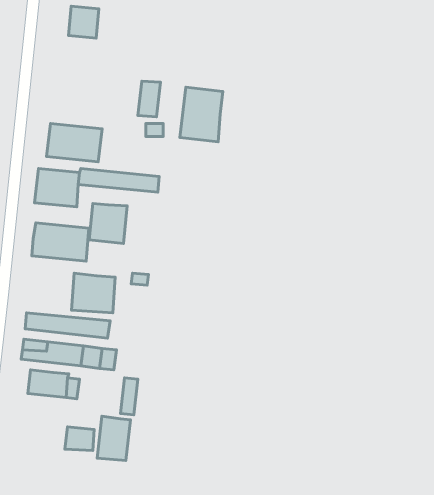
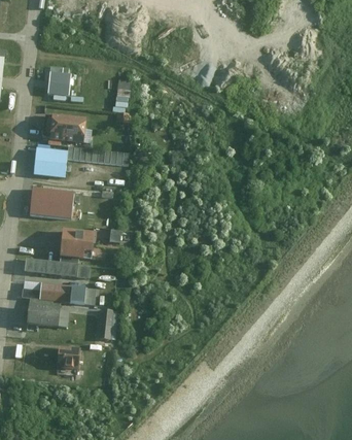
building: [68,6,99,38] -> [46,71,70,96]
building: [180,87,223,142] -> none
building: [89,203,127,243] -> none
building: [97,416,130,461] -> none

